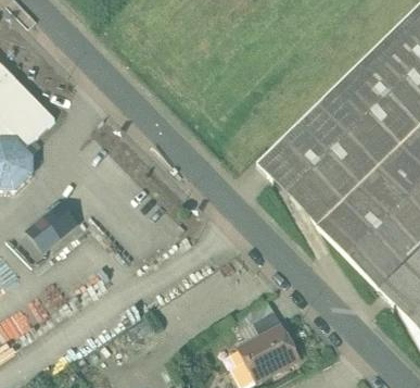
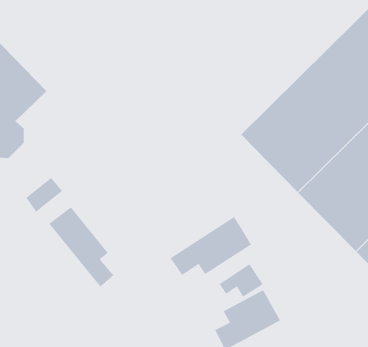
building: none -> [49,207,114,288]
building: none -> [170,216,252,276]

